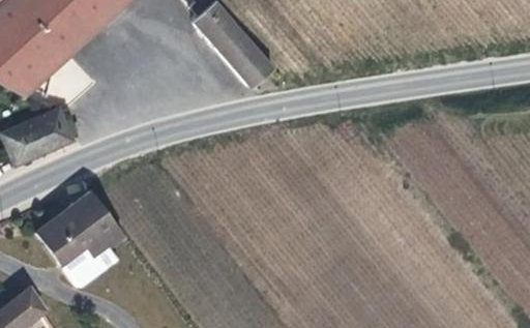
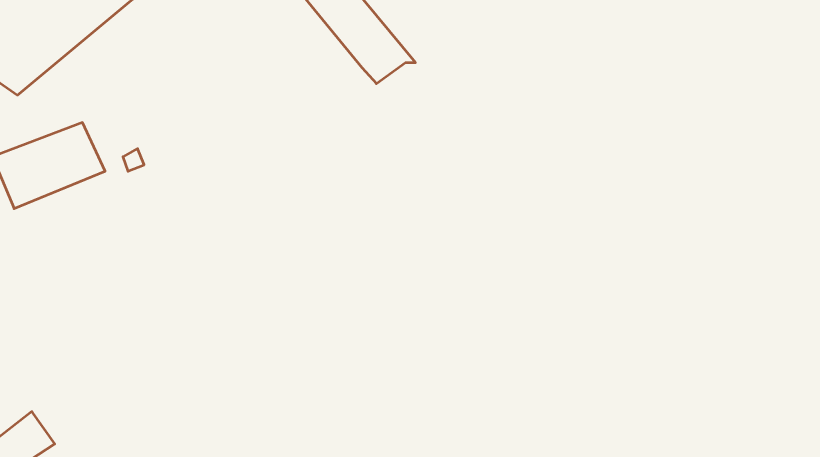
building: [38,193,125,289] -> none

